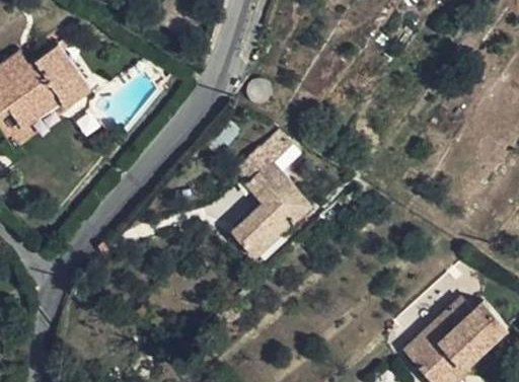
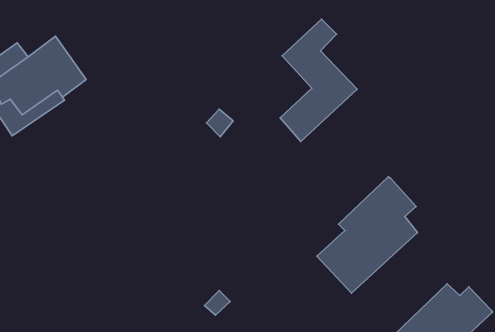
building: [233,132,312,257] -> [280,19,357,142]
building: none -> [317,177,418,293]

